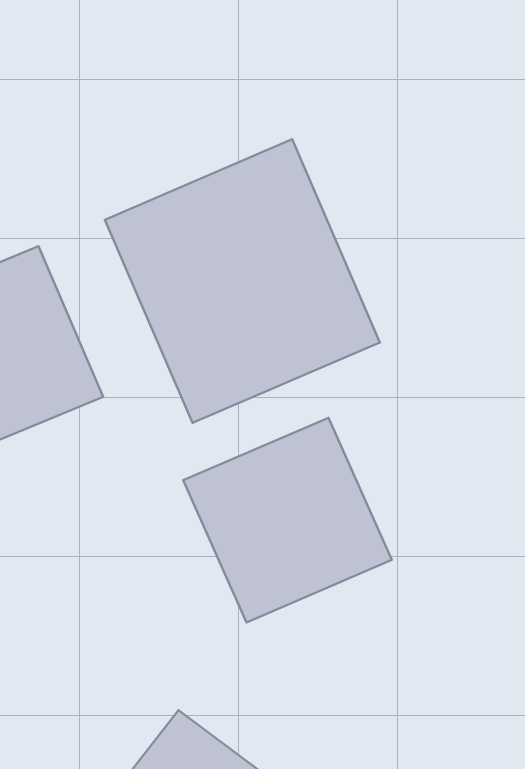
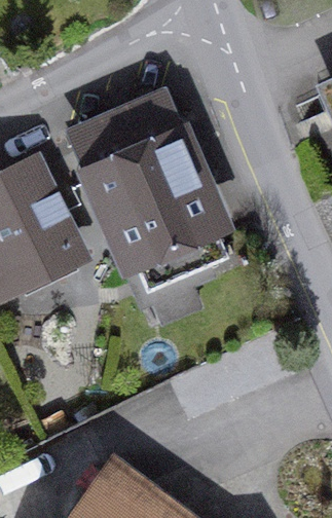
building: [183,418,392,623] -> none

